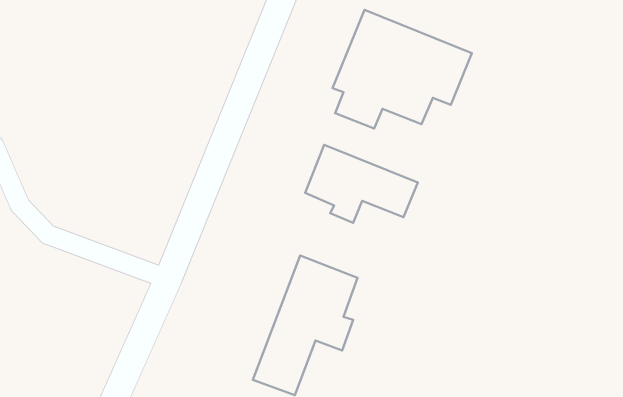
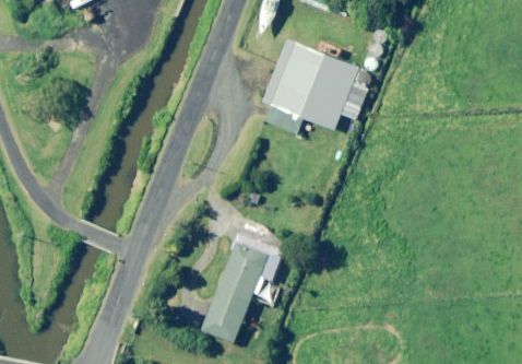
building: [305,145,418,223] -> none

